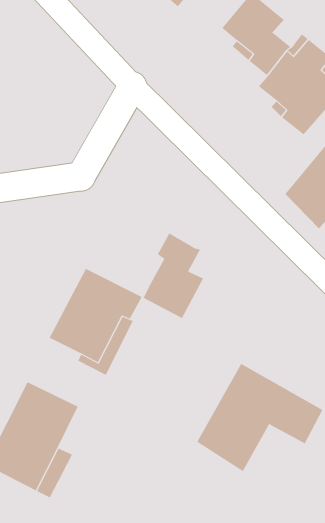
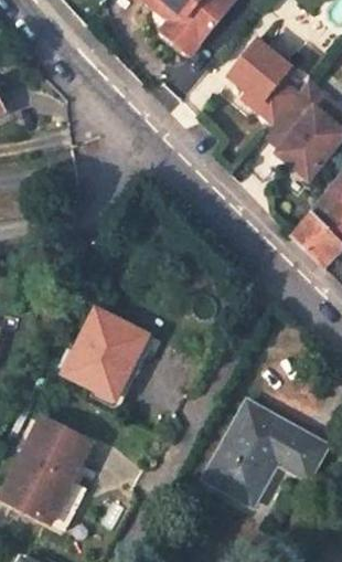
building: [143,233,204,319] -> none

